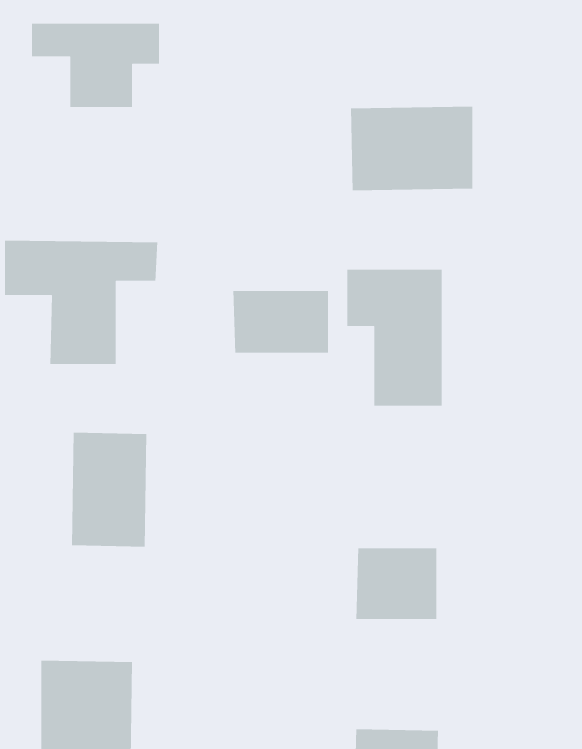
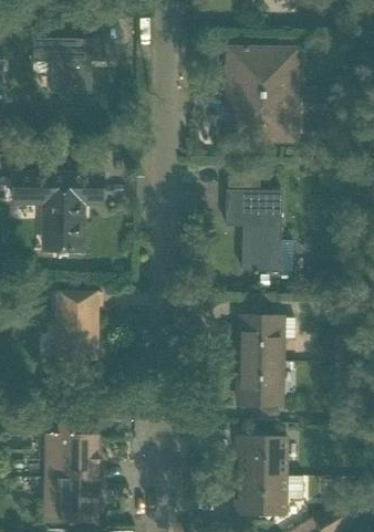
building: none -> [230,49,305,93]
building: [232,290,329,353] -> none
building: none -> [235,312,284,362]
building: none -> [233,432,285,473]

